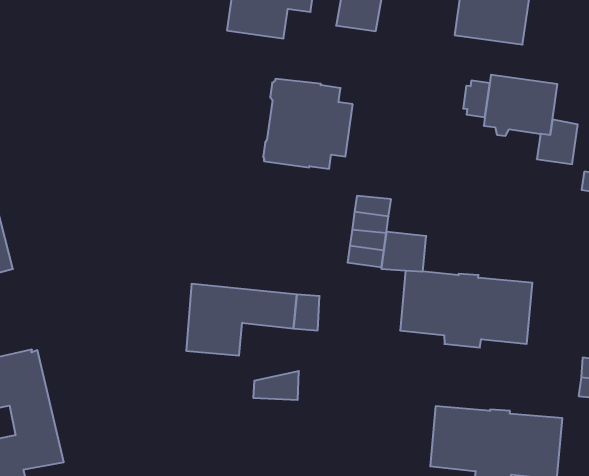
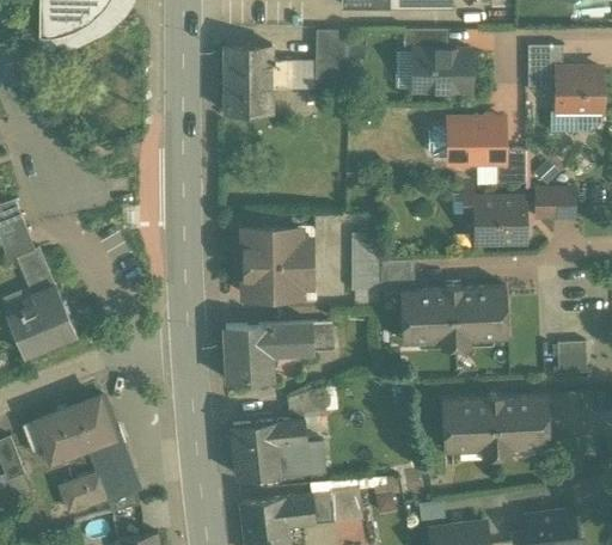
building: [263,79,353,169] -> [243,227,312,298]
building: none -> [475,198,526,243]
building: none -> [233,420,324,479]

